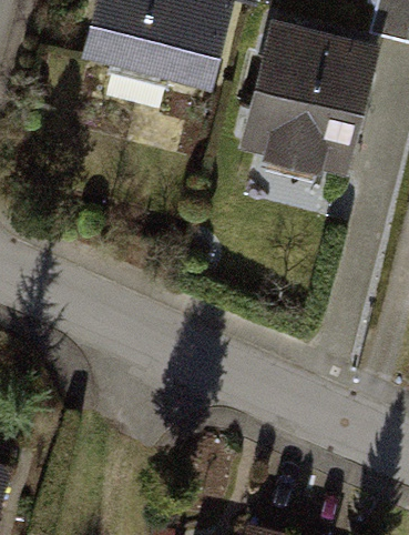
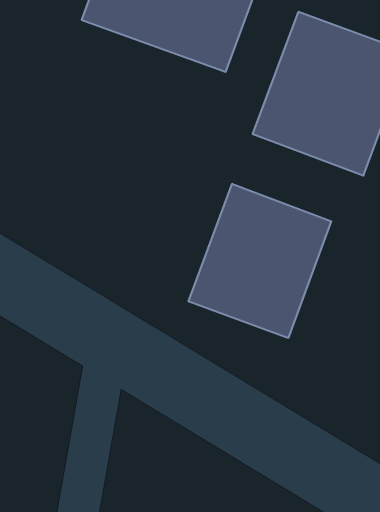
building: none -> [189,184,331,338]

